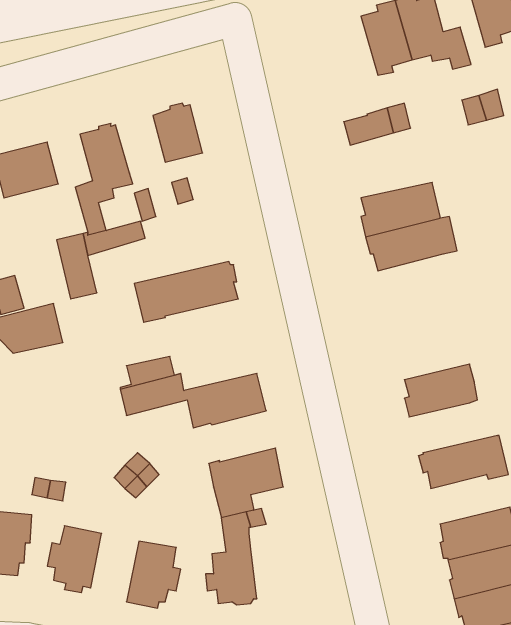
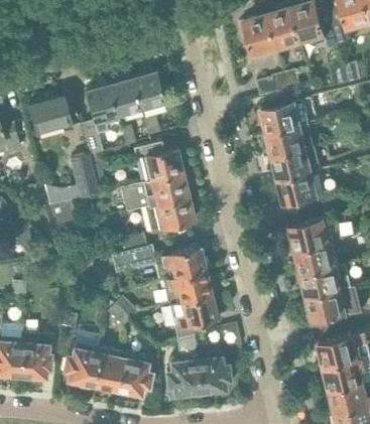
building: none -> [240,15,278,60]
building: none -> [108,78,140,117]
building: none -> [261,98,317,133]
building: none -> [133,142,183,182]
building: none -> [276,169,326,203]
building: none -> [140,198,194,234]
building: none -> [289,216,342,251]
building: none -> [298,263,356,298]
building: none -> [162,271,214,305]
building: none -> [92,350,123,395]
building: none -> [196,358,229,395]

